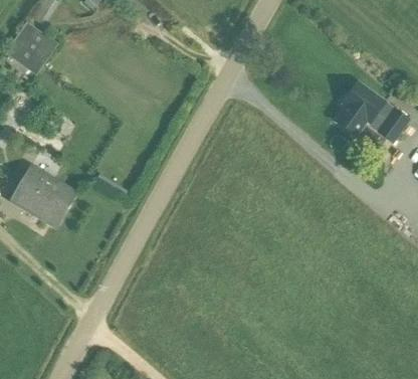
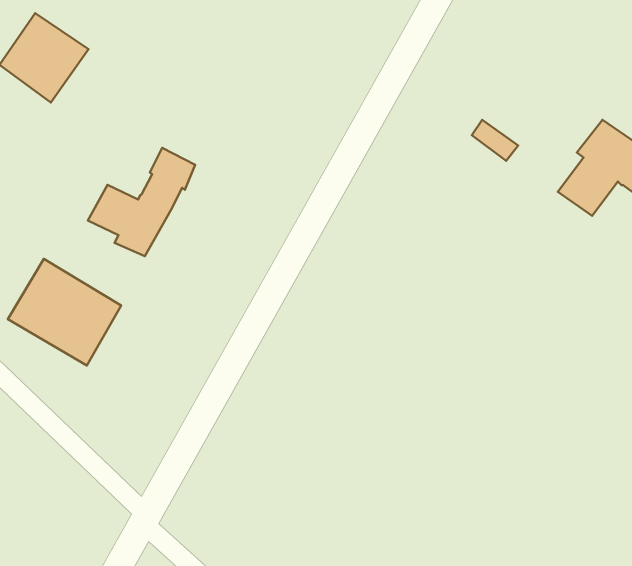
building: none -> [88,148,195,256]

